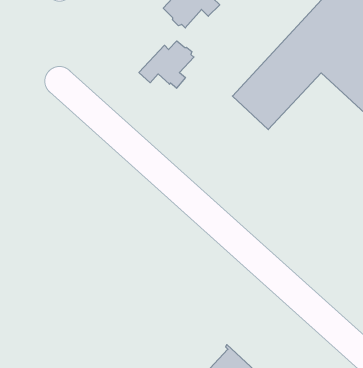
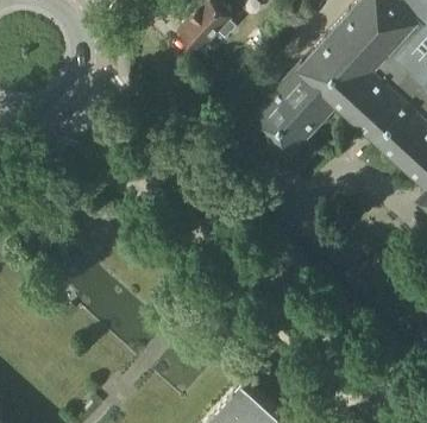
building: [139,41,194,88] -> none

